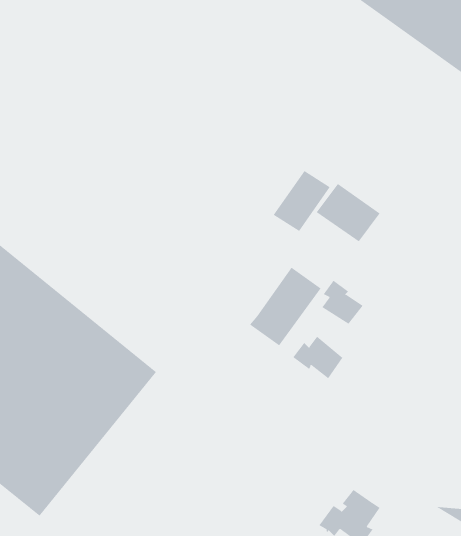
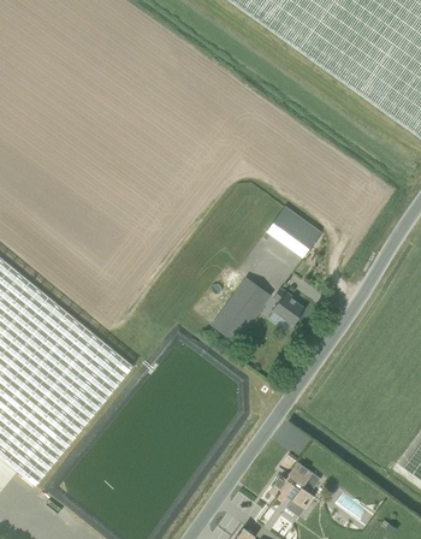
building: [273,170,331,232] -> none
building: [292,336,343,379] -> none

